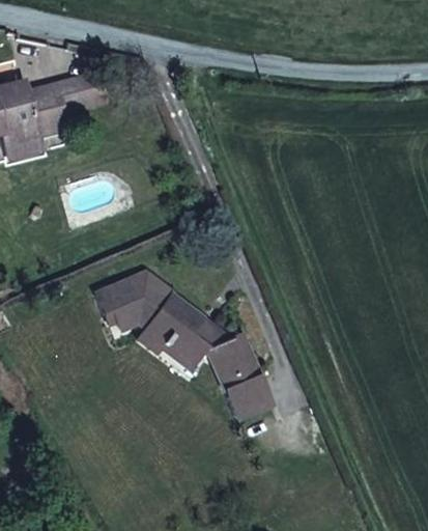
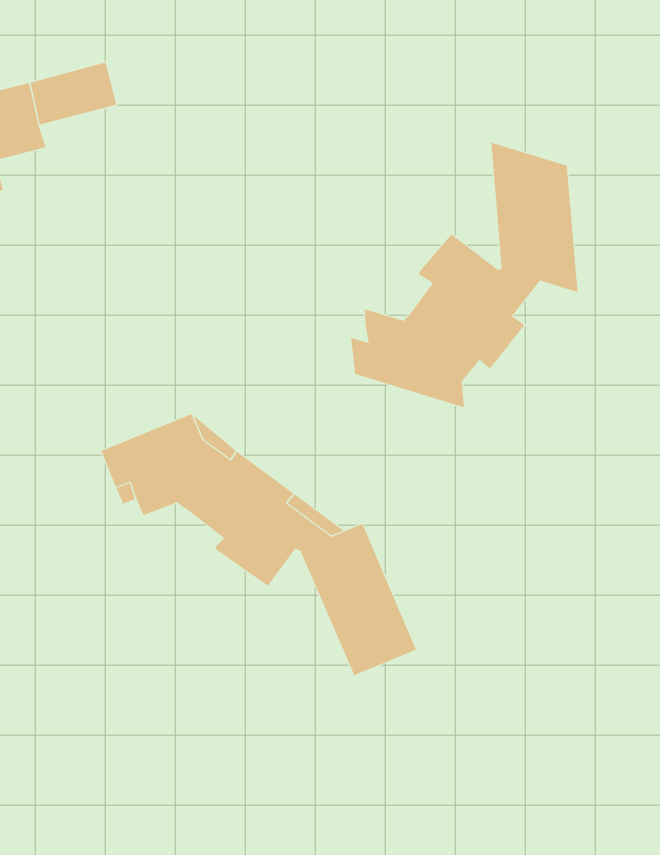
building: none -> [351,142,578,408]

